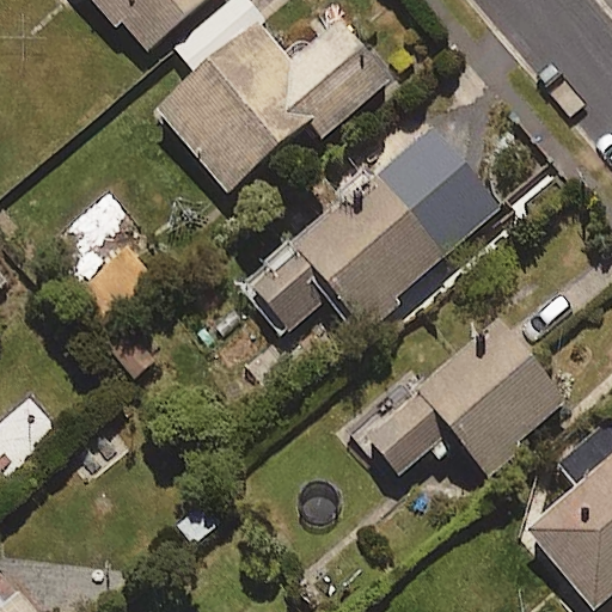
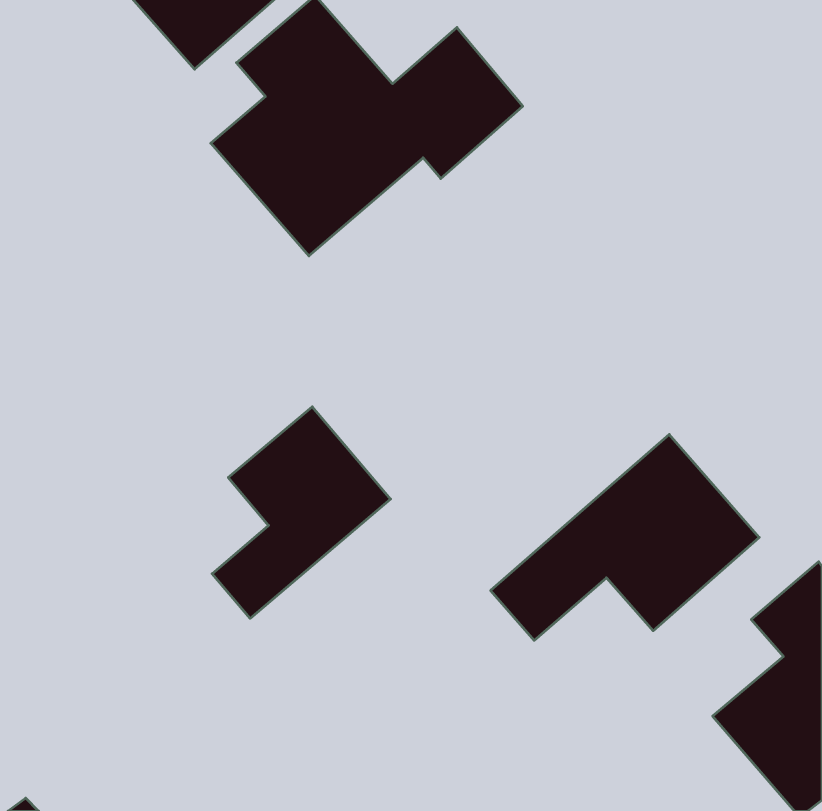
building: [251,129,500,329] -> none
building: none -> [212,407,391,618]

